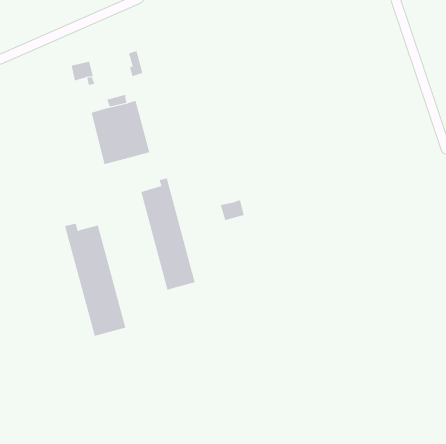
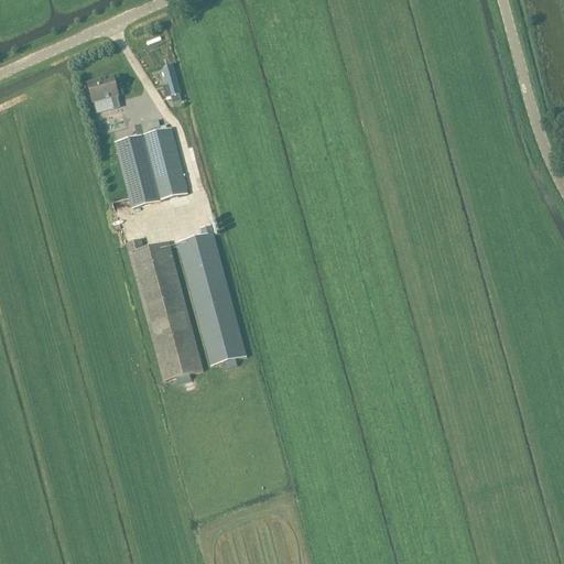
building: [220,200,245,221] -> none
building: [64,223,126,337] -> [126,239,204,382]

